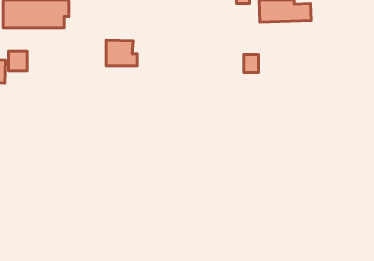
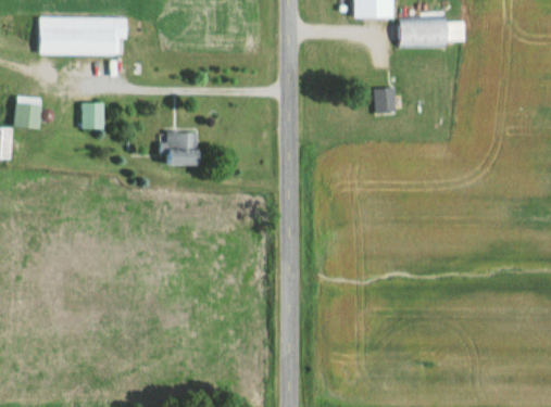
building: [106,40,137,66] -> [164,130,205,165]
building: [8,51,27,71] -> [80,102,105,128]

